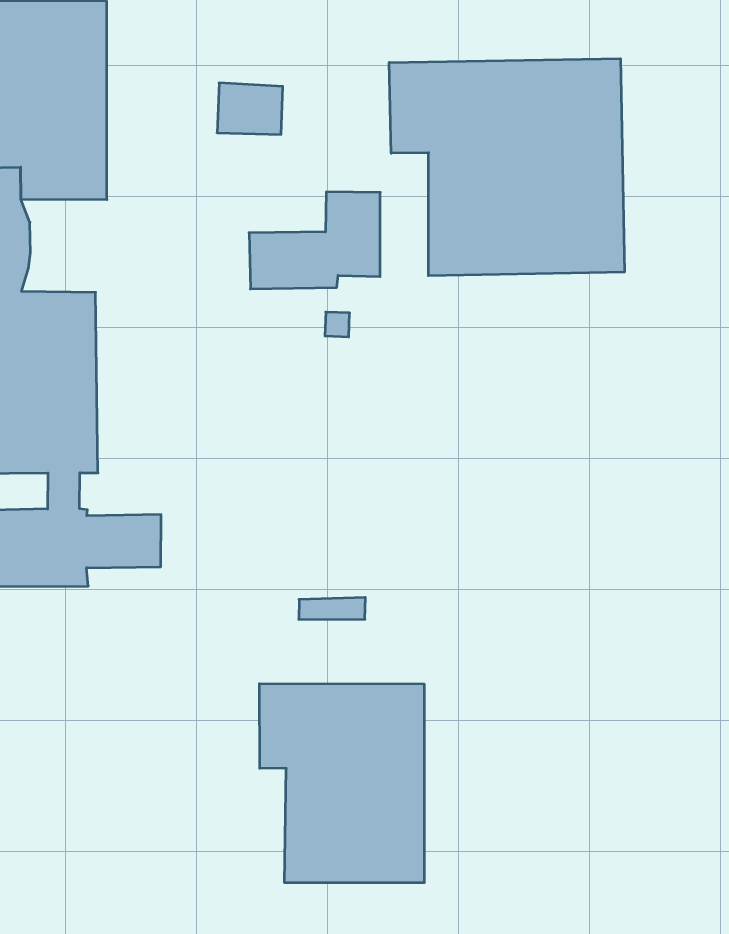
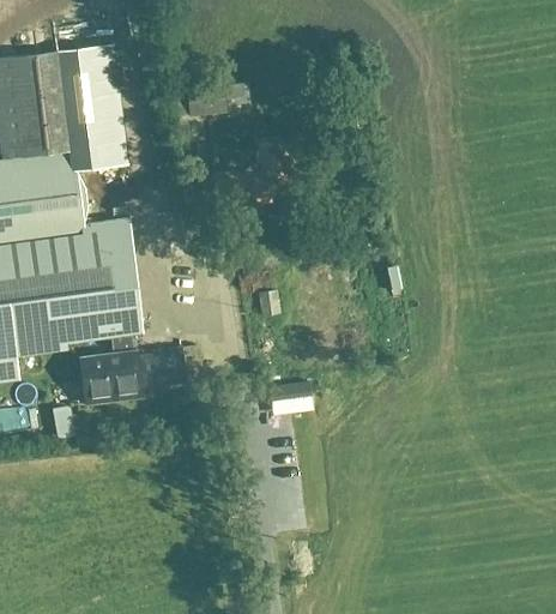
building: [389,59,624,276] -> none
building: [259,684,424,883] -> none

